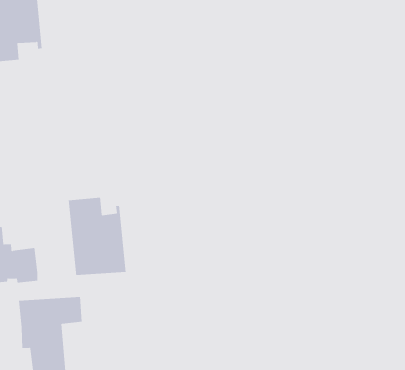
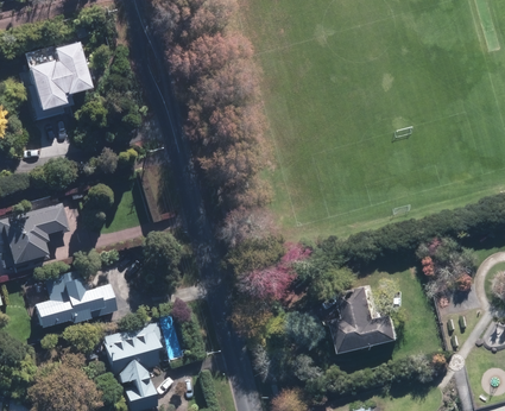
building: [68,197,126,276] -> none
building: none -> [337,284,404,354]

